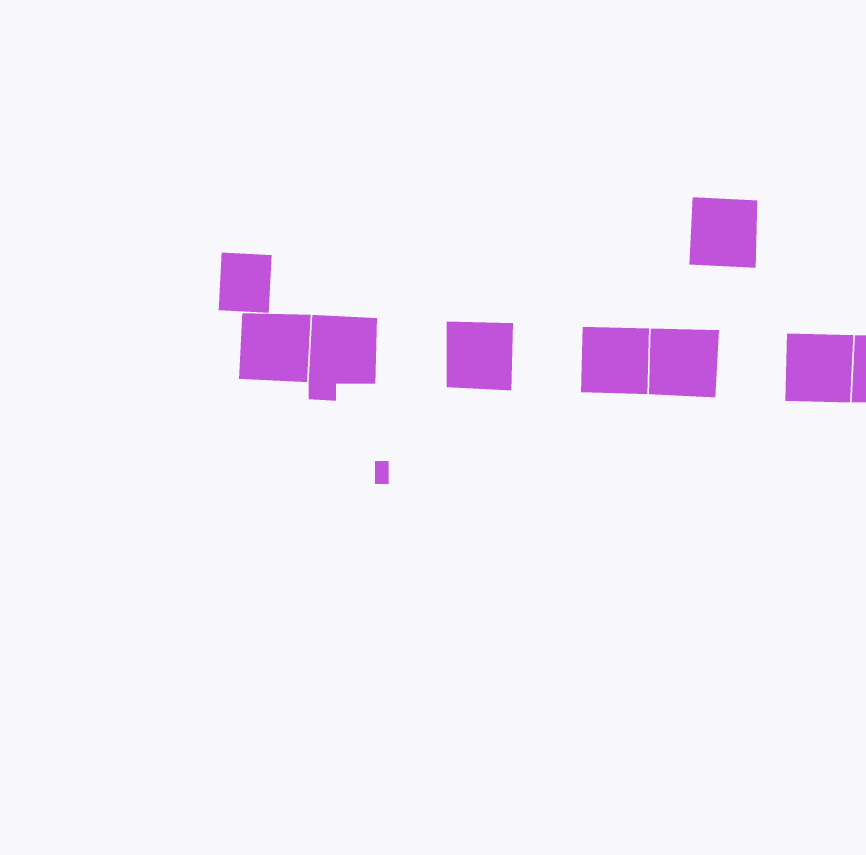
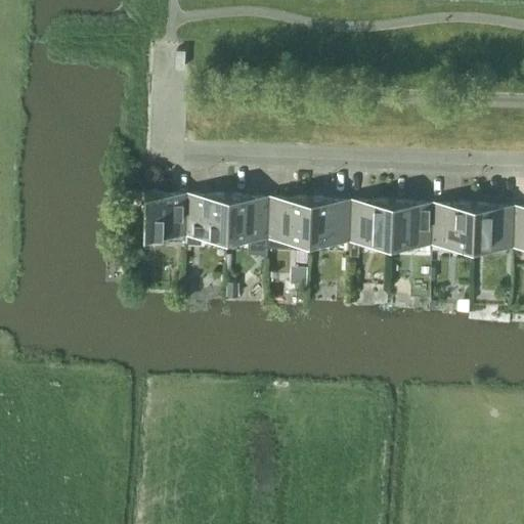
building: [688,197,758,268] -> [433,207,475,250]
building: [218,252,272,313] -> none
building: none -> [228,200,270,242]
building: none -> [310,203,352,245]

